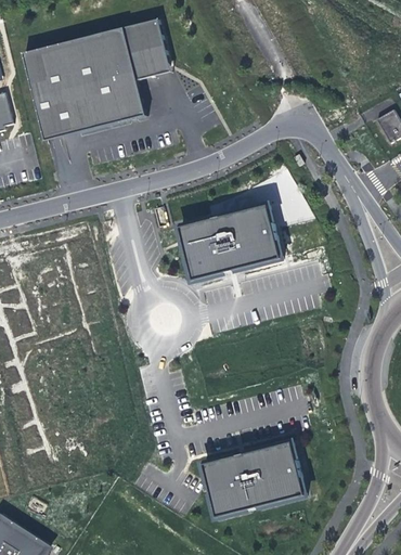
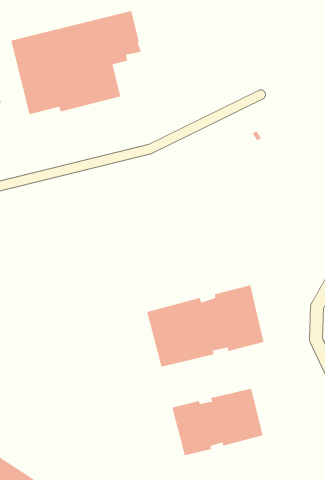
building: [178,203,281,280] -> none
building: none -> [147,285,264,368]

